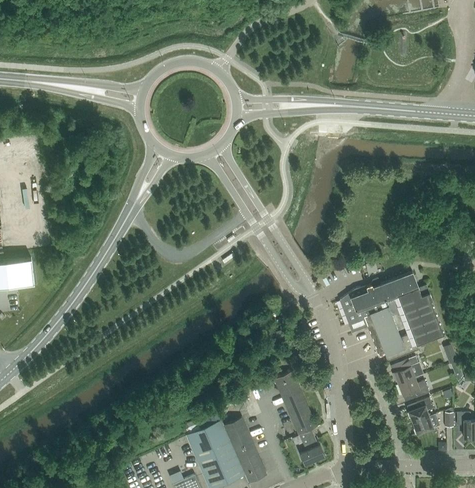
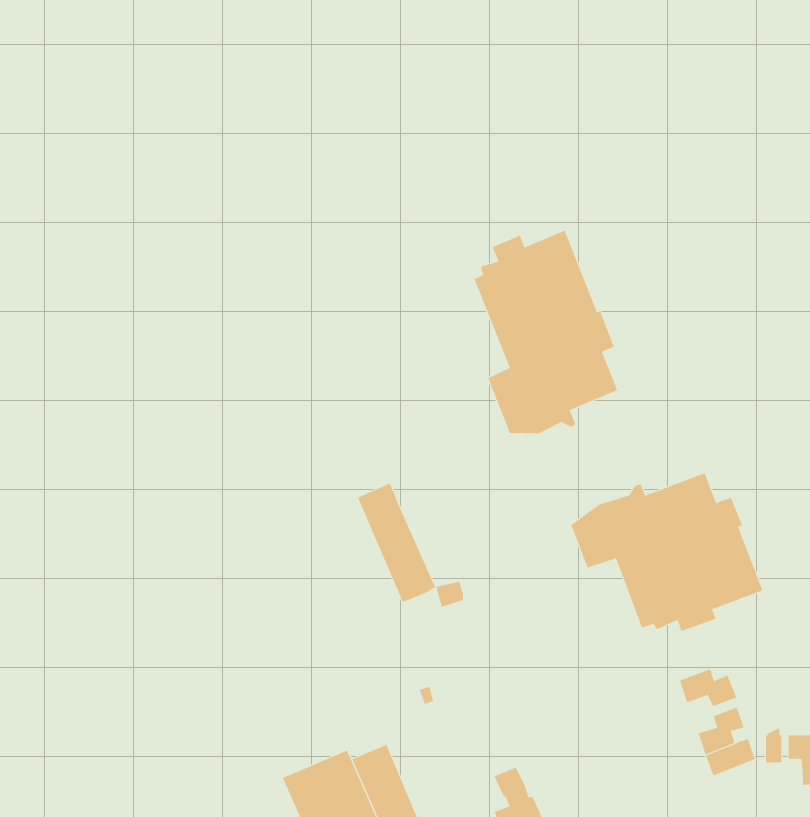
building: none -> [474,230,618,434]
building: [392,358,423,385] -> none
building: [275,372,317,436] -> [357,482,436,602]

